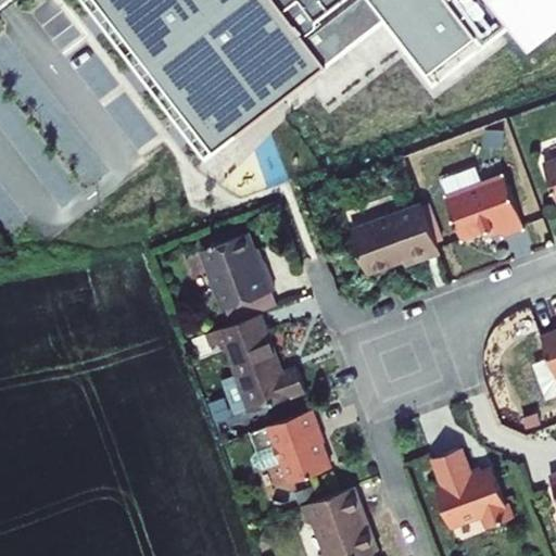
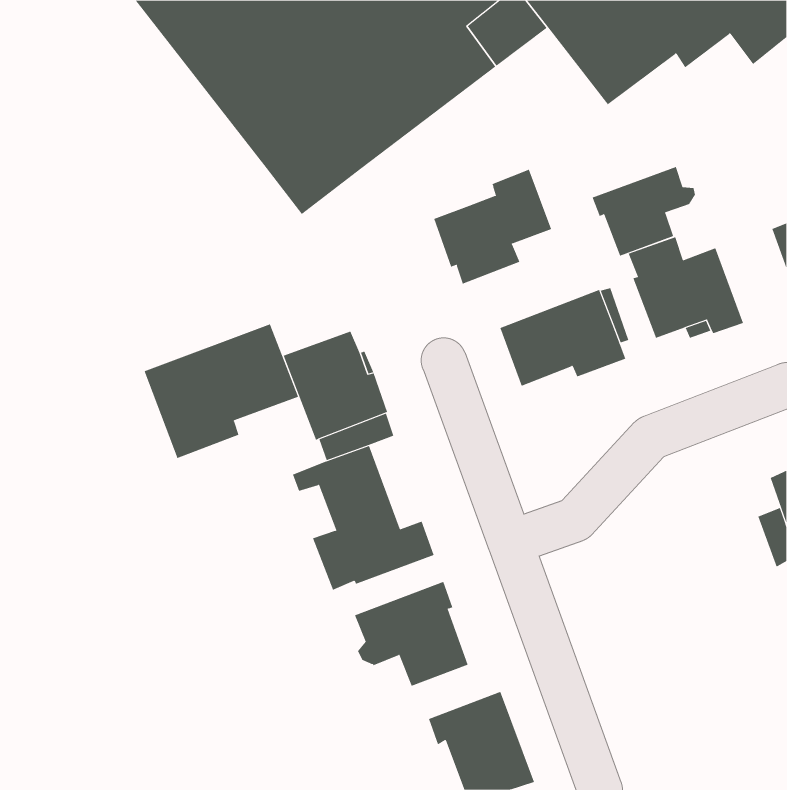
building: none -> [592,166,695,256]
building: none -> [434,169,552,284]
building: none -> [144,323,299,459]
building: [432,446,510,525] -> none

